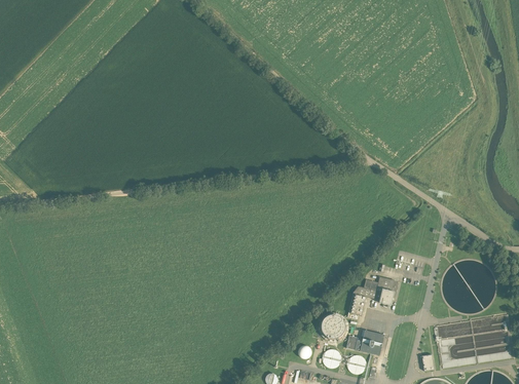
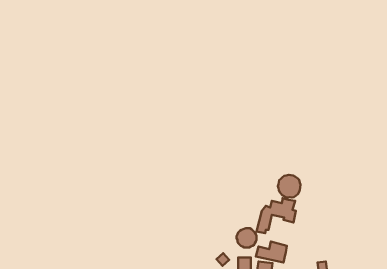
building: none -> [278,175,300,198]

